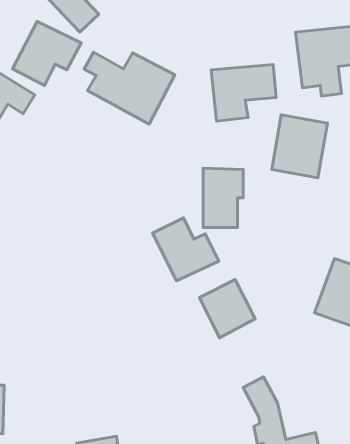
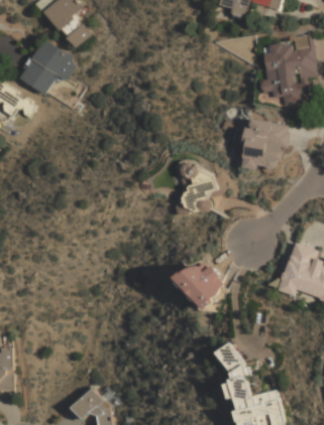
building: [84,52,175,124] -> none
building: [211,64,276,121] -> none
building: [153,218,219,281] -> none

